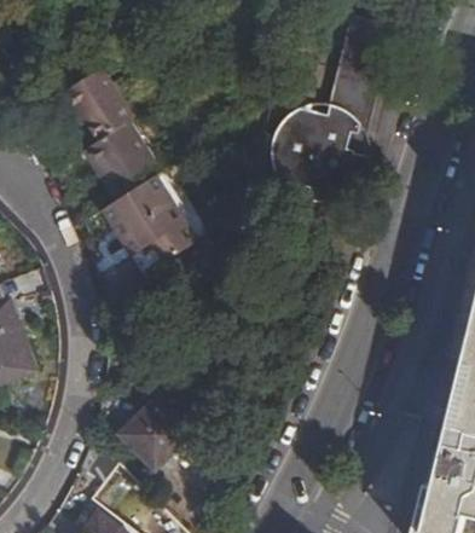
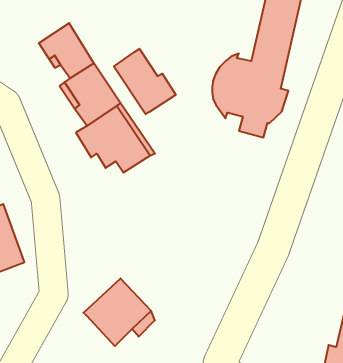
building: none -> [114,49,176,114]

